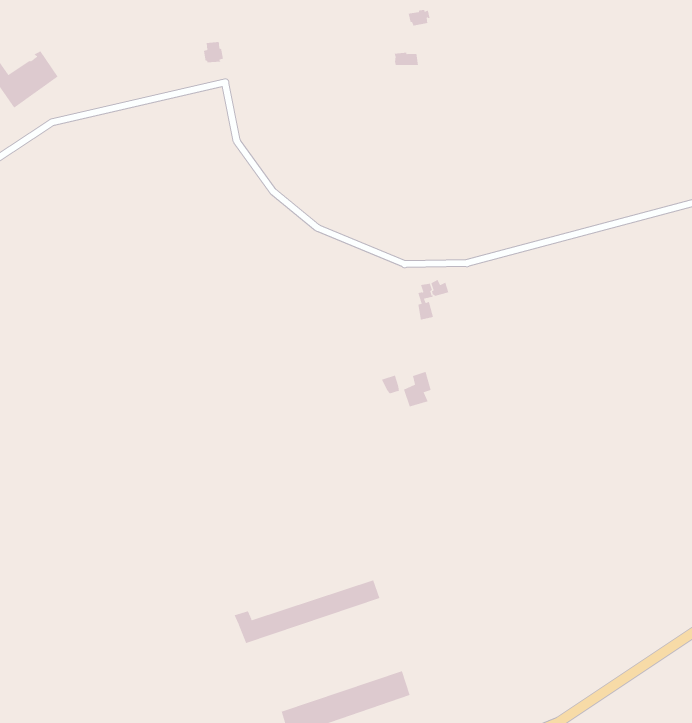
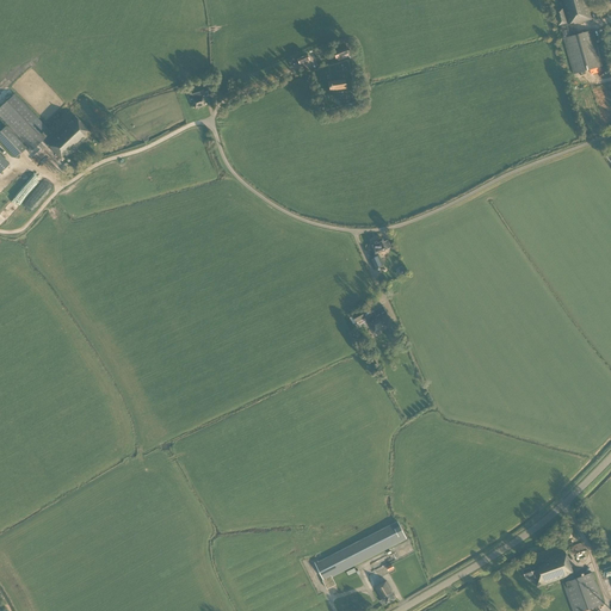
building: [234,579,380,644] -> none

